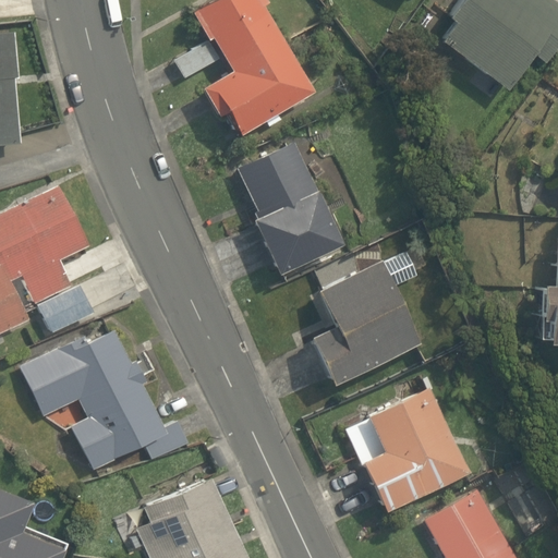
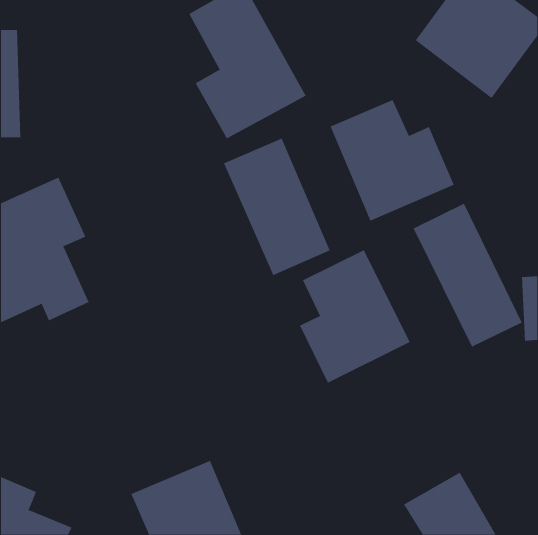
building: none -> [330,99,455,221]
building: none -> [413,203,523,348]
building: [19,328,172,471] -> none
building: [342,386,468,517] -> none

